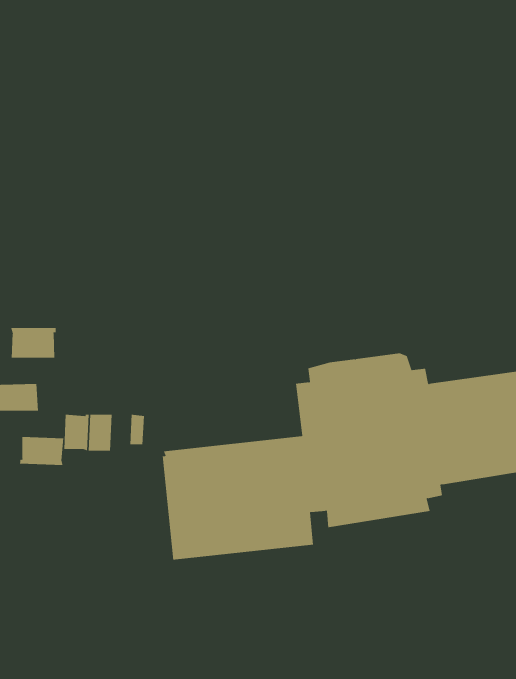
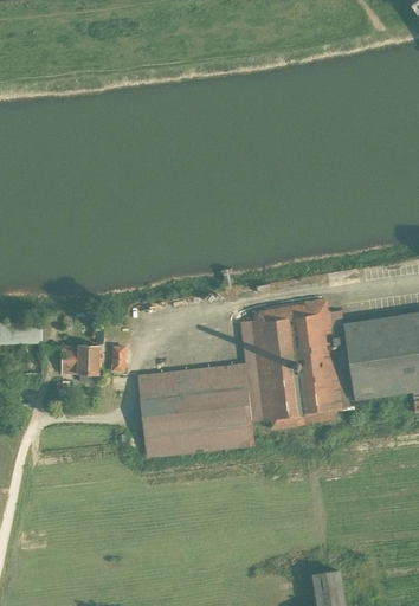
building: [11,327,56,358] -> none
building: [20,436,64,466] -> none

